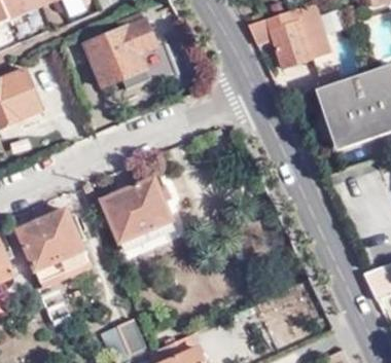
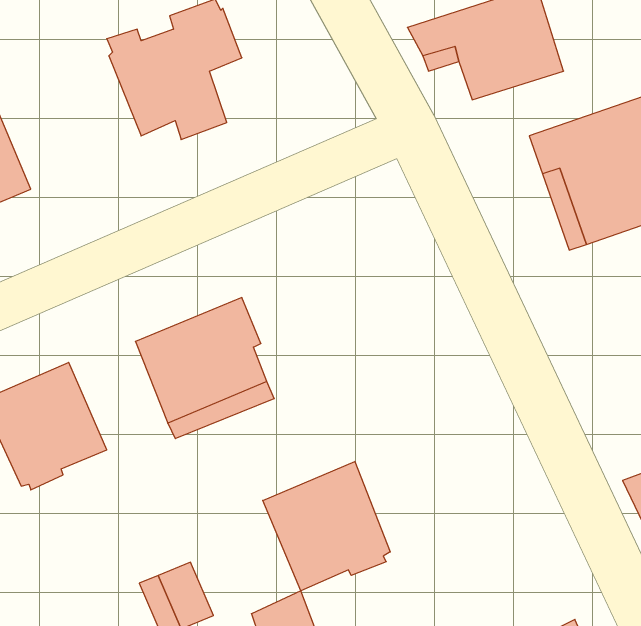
building: none -> [263,461,390,591]

